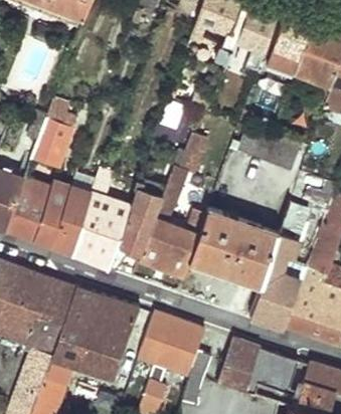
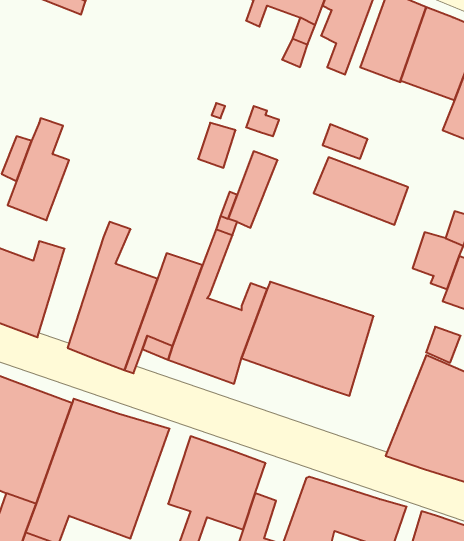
building: [51,173,96,254] -> none
building: [249,203,308,329] -> none

